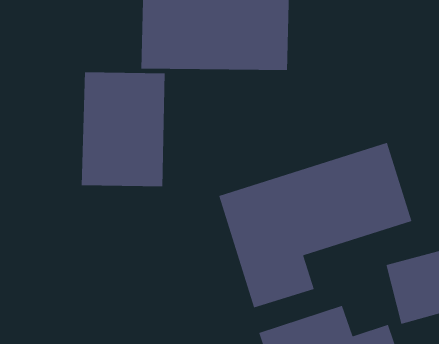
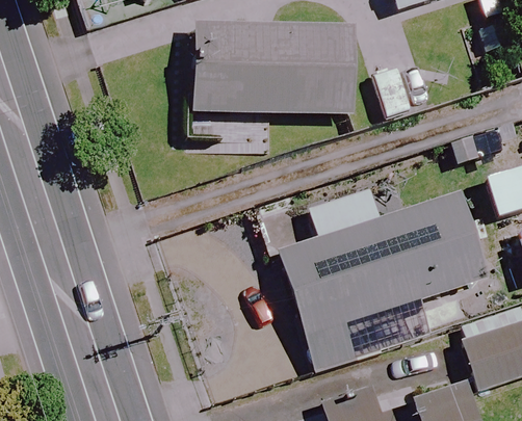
building: [81,71,165,187] -> none

